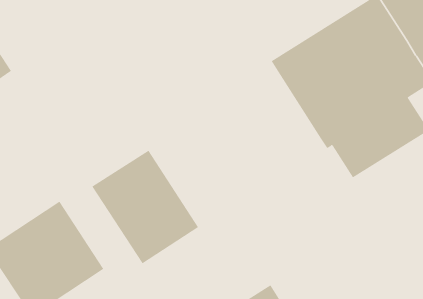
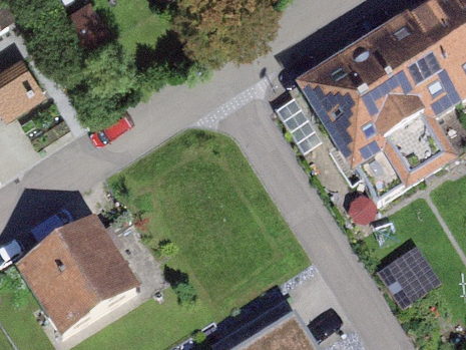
building: [92,150,199,264] -> none

